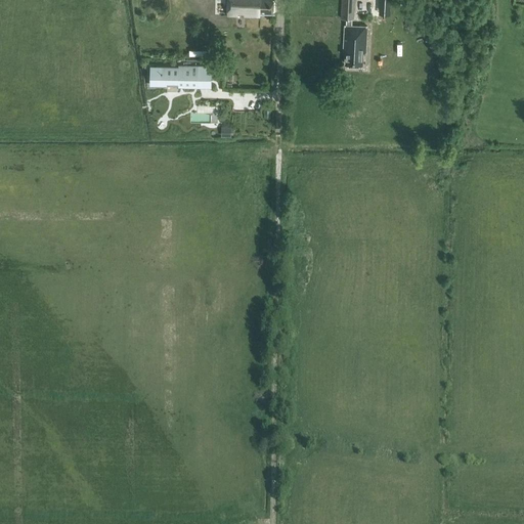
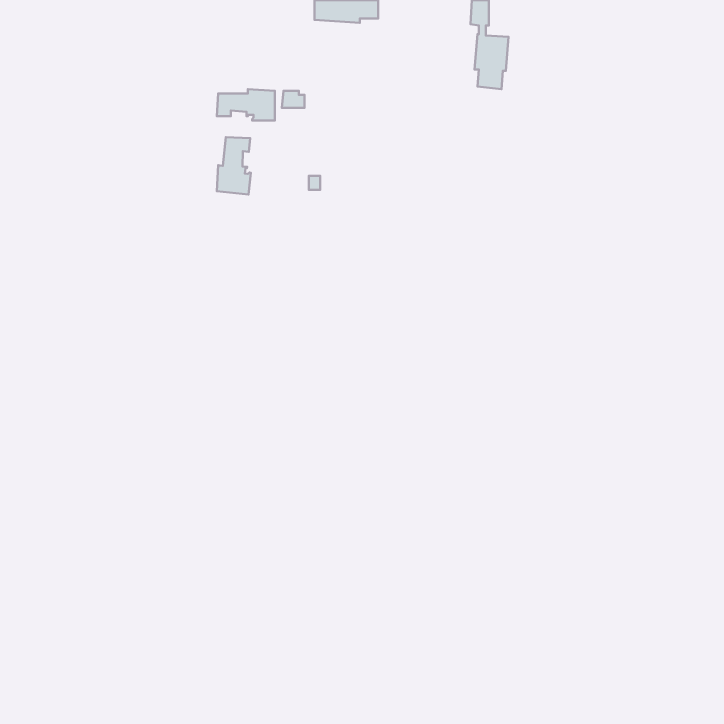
building: none -> [217,137,251,194]

